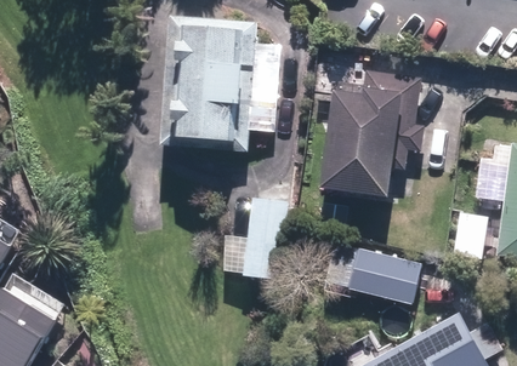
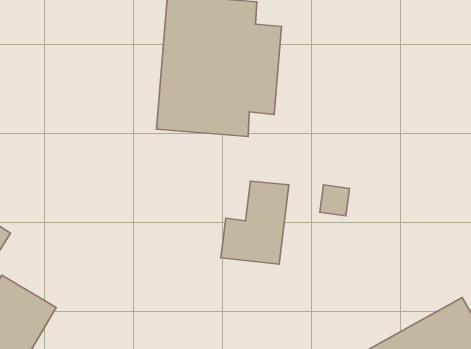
building: [317,70,424,199] -> none
building: [346,250,420,305] -> none

